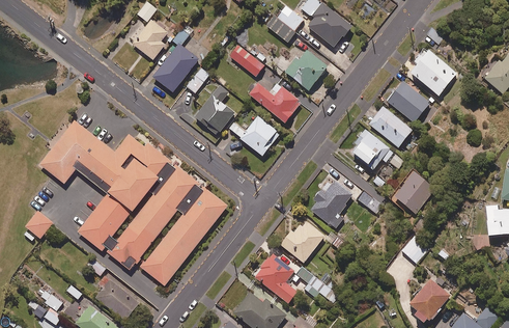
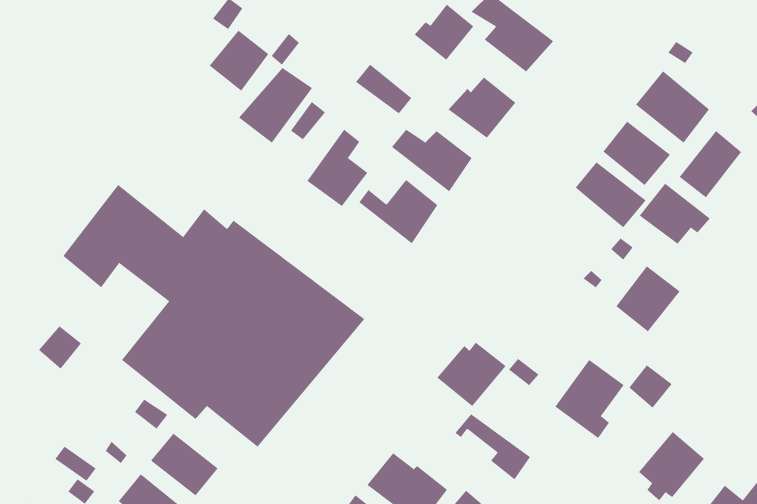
building: none -> [679,130,742,198]
building: [348,130,394,169] -> [639,183,711,245]
building: [307,177,351,228] -> [555,359,624,439]
building: [253,253,296,303] -> none

